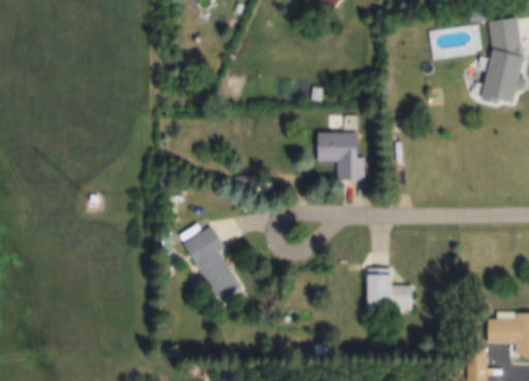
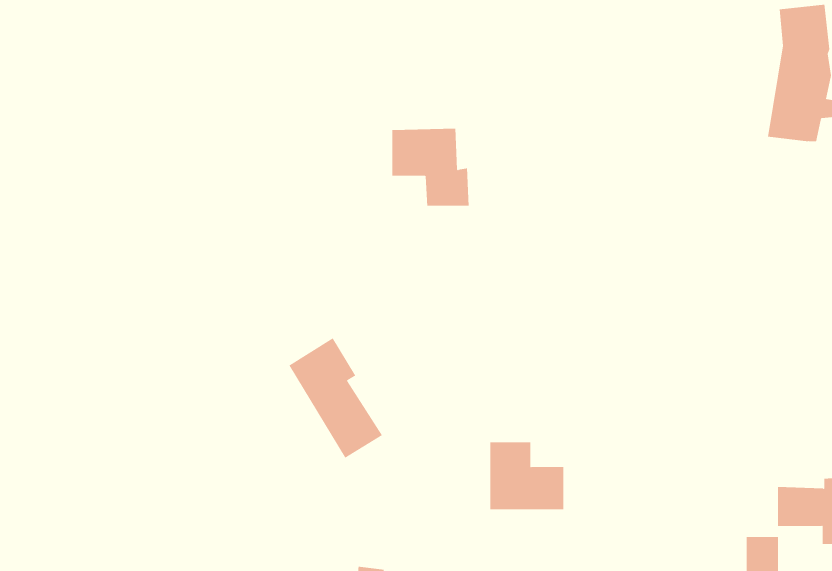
building: [317,132,366,181] -> [392,128,470,206]
building: [366,268,412,311] -> [490,442,564,510]

